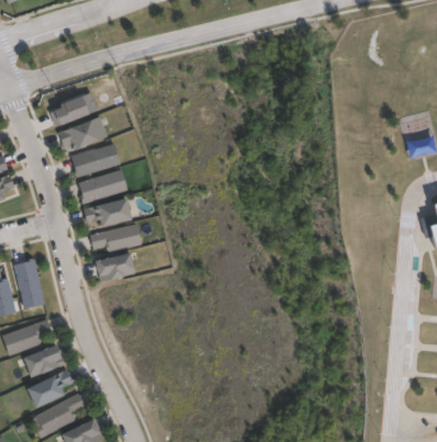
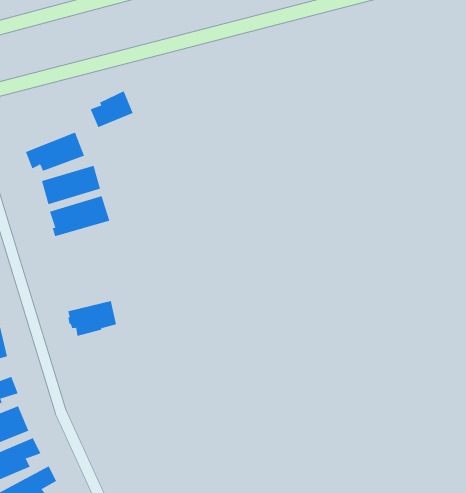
building: [51,97,87,127] -> [90,91,134,128]
building: [83,200,130,229] -> none
building: [90,225,143,251] -> none

